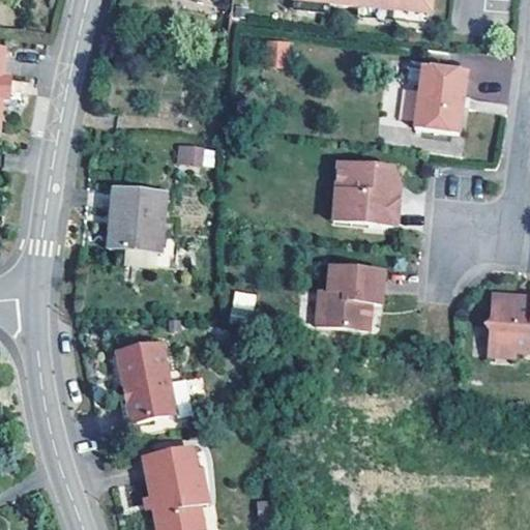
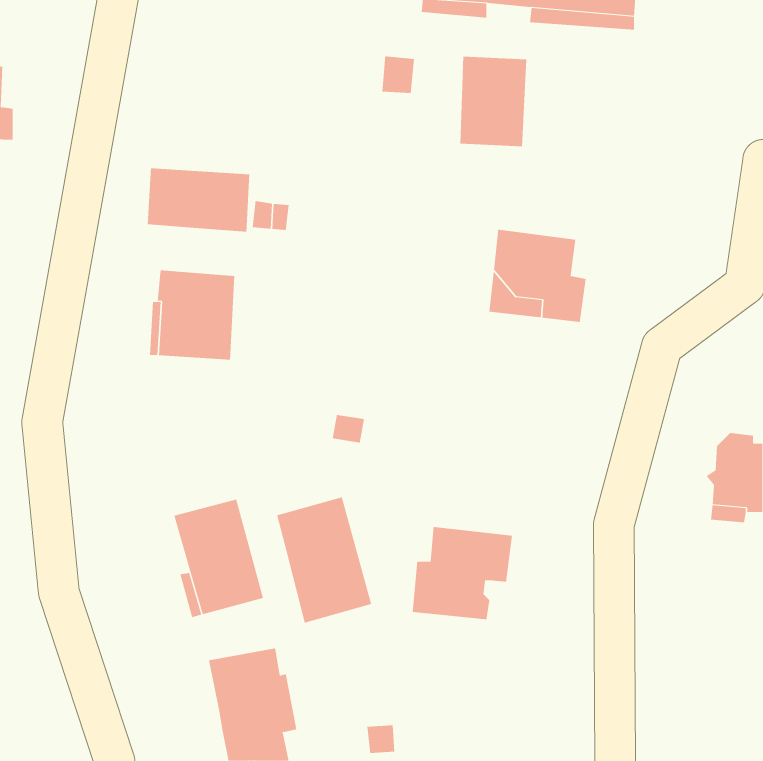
building: [420,68,467,130] -> [459,56,527,147]
building: none -> [147,167,250,232]
building: [316,261,385,325] -> [412,526,513,620]
building: none -> [276,497,372,623]

